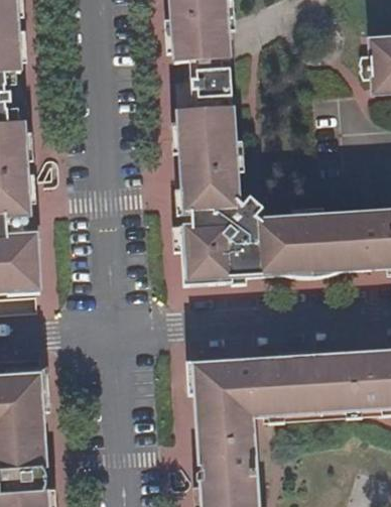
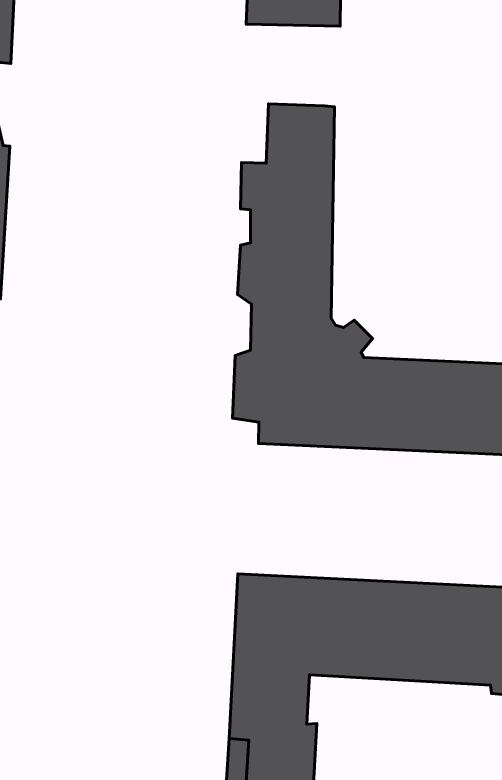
building: [169,25,230,77] -> none

